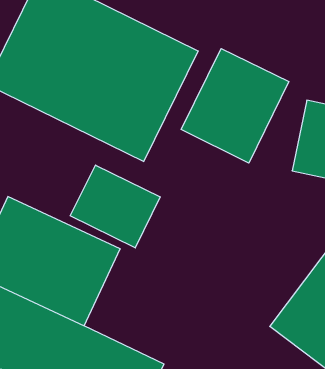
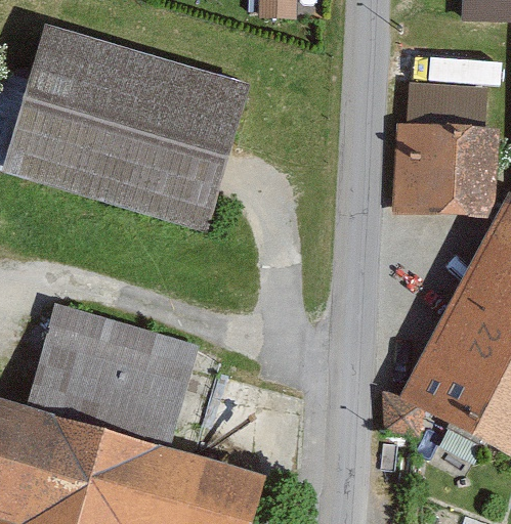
building: [181,49,289,163] -> none
building: [70,165,160,248] -> none

